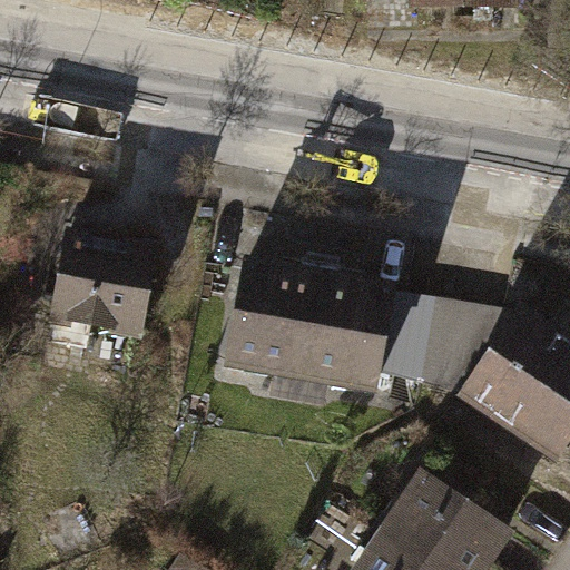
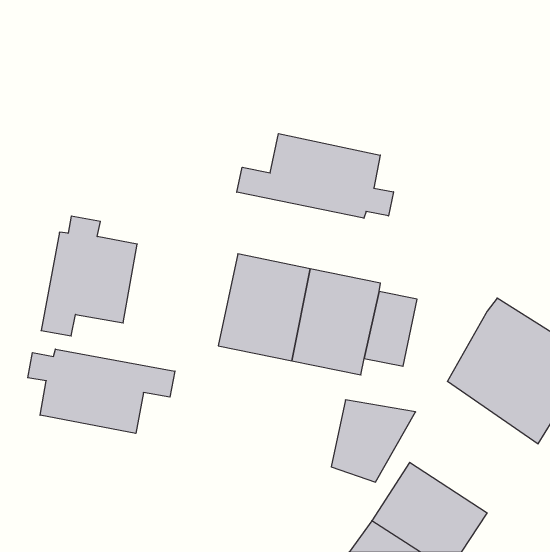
building: none -> [237,134,393,218]
building: [417,308,504,393] -> [331,400,416,482]
building: none -> [28,349,175,433]

